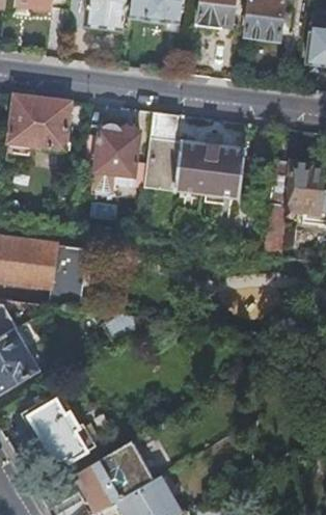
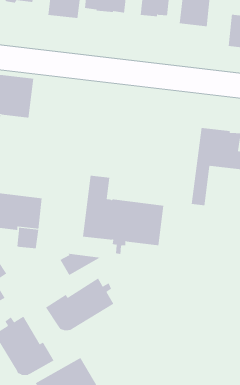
building: [143,111,244,209] -> [82,175,164,254]
building: [92,126,138,181] -> none
building: none -> [45,278,114,331]

